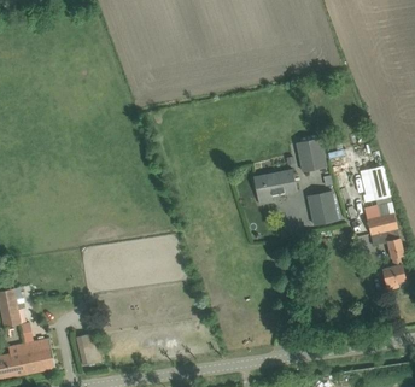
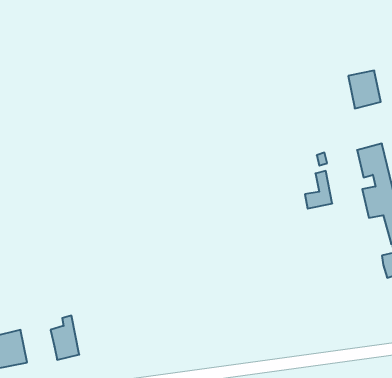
building: [296,137,326,172] -> [348,71,381,108]
building: [253,169,297,197] -> none

